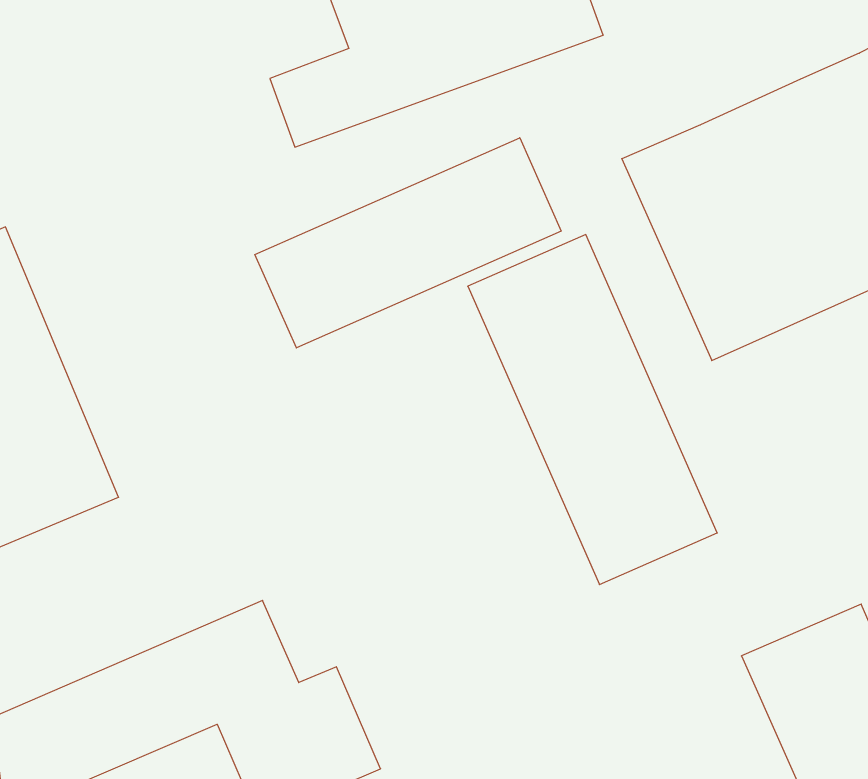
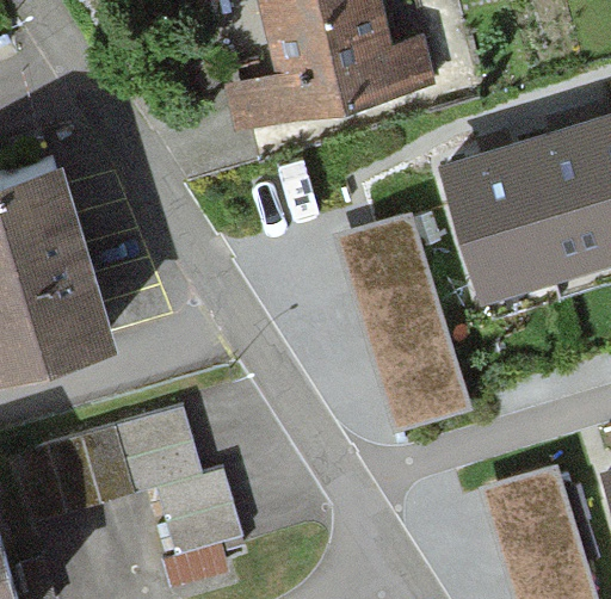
building: [255,138,561,348] -> none

